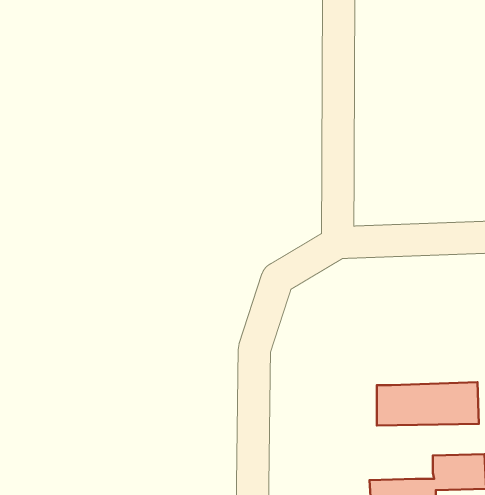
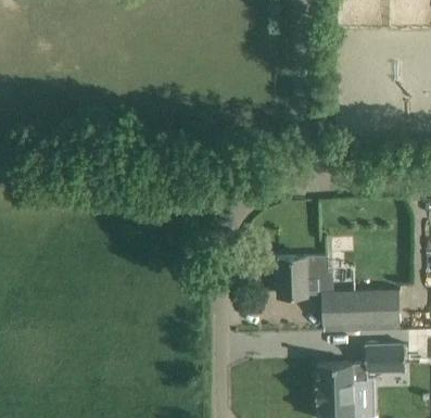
building: none -> [277,257,333,296]

